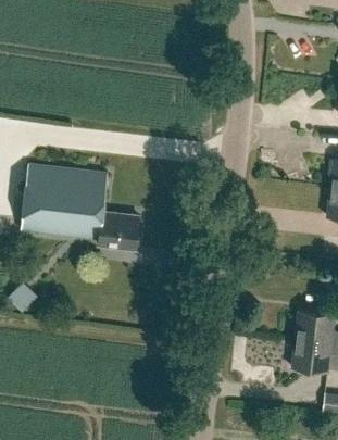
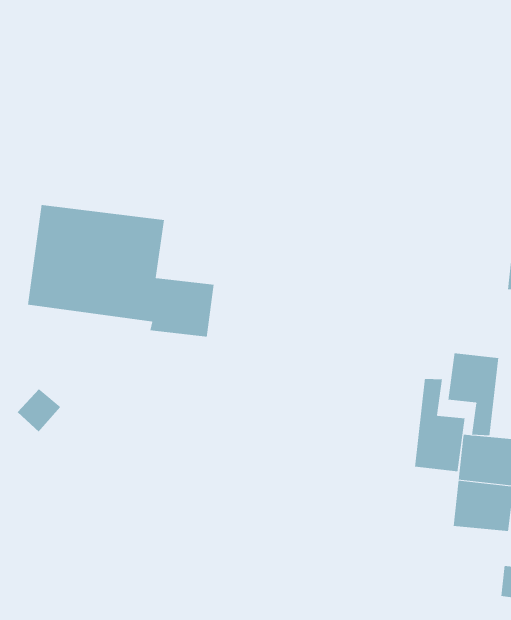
building: none -> [448,352,499,436]
building: none -> [415,378,465,472]

